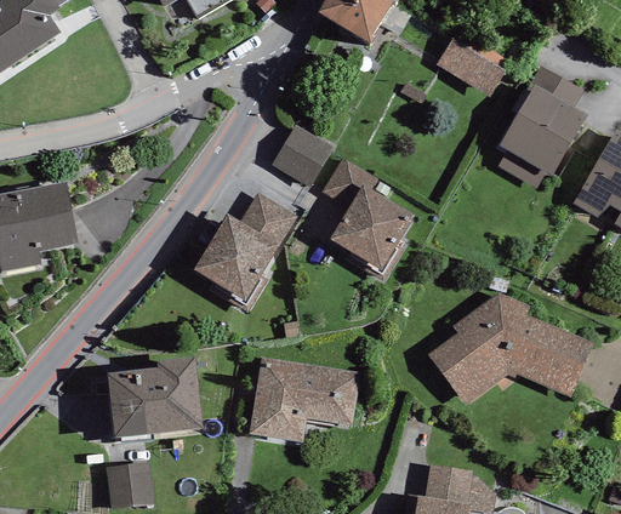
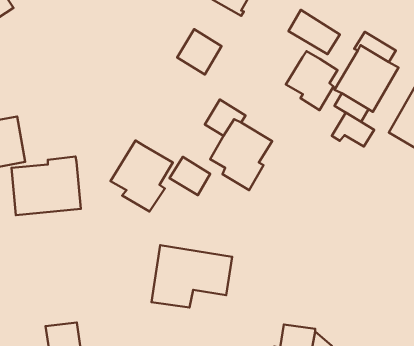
building: none -> [286,51,338,110]
building: [272,125,332,187] -> [177,29,222,75]
building: none -> [332,112,374,147]
building: [239,192,295,244] -> [169,157,210,195]
building: [426,291,593,404] -> none
building: [107,356,201,436] -> [11,156,81,215]

